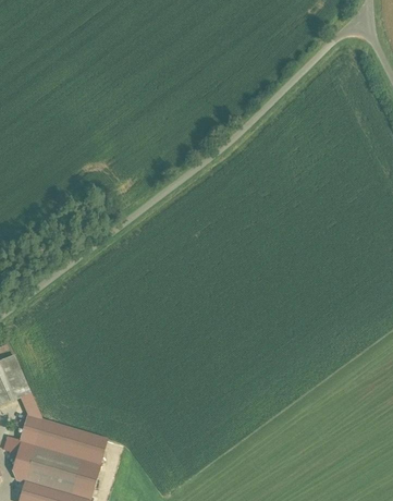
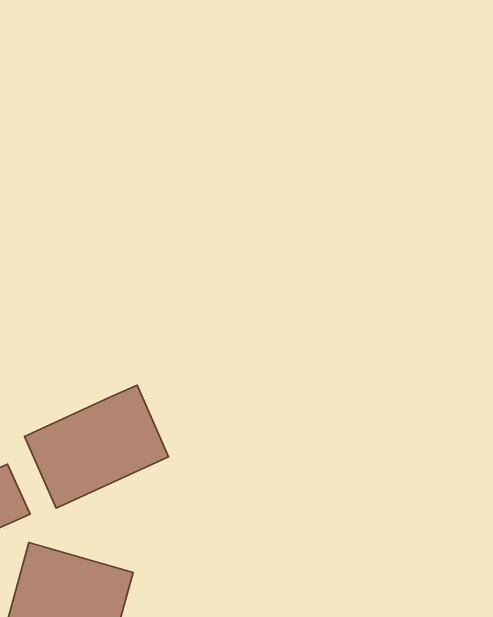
building: none -> [24,385,169,508]

